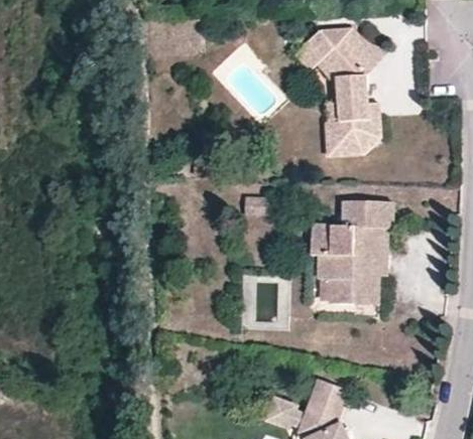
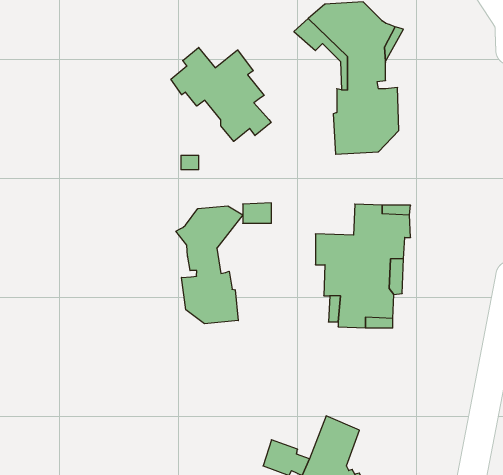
building: none -> [171,47,271,141]
building: none -> [176,206,243,324]

